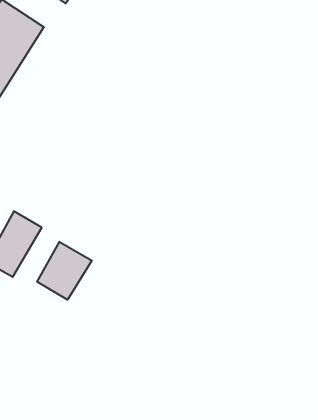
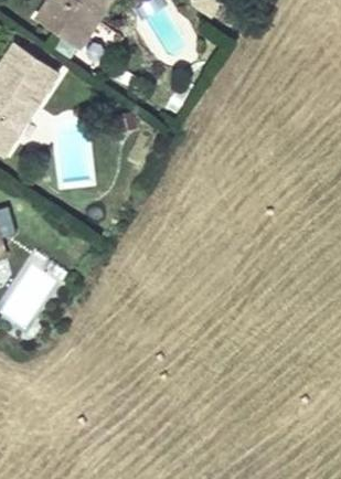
building: [37,242,92,300] -> none

